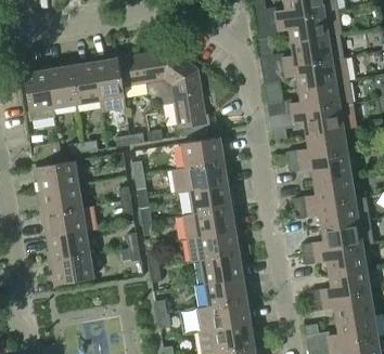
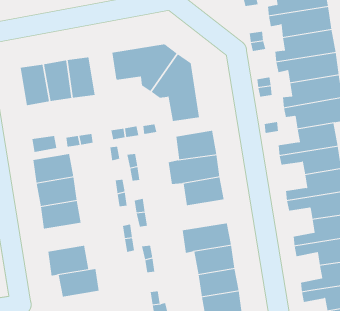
building: [93,57,126,110] -> none
building: [183,207,234,238] -> none
building: [47,231,89,260] -> [58,268,99,297]

